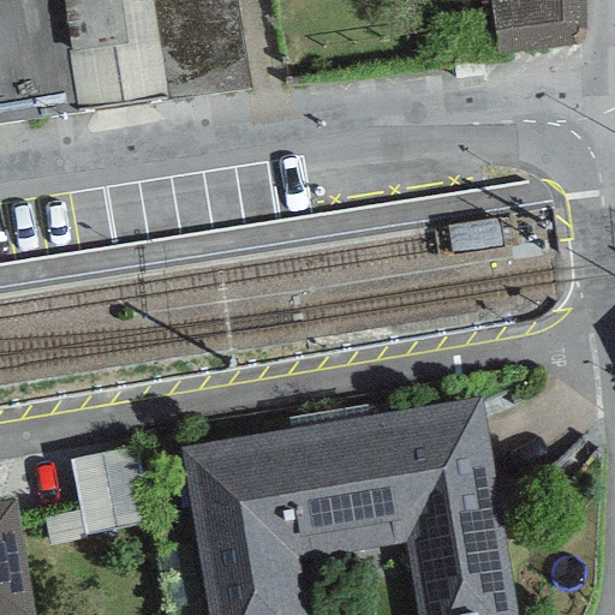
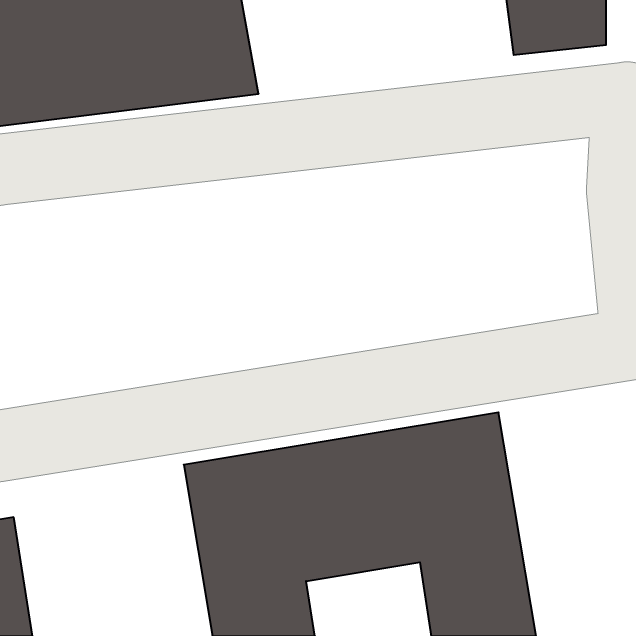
building: [80,443,159,529] -> none

